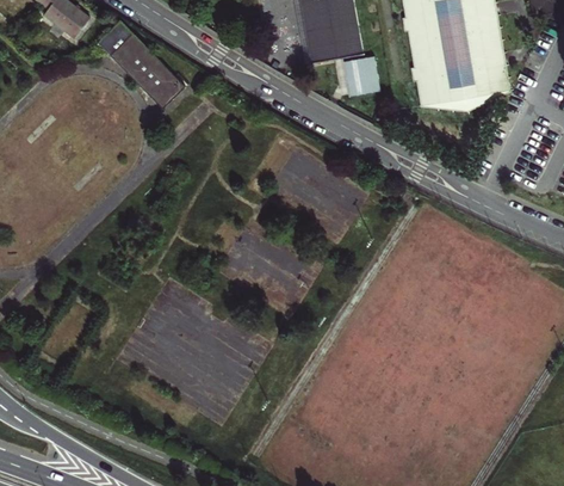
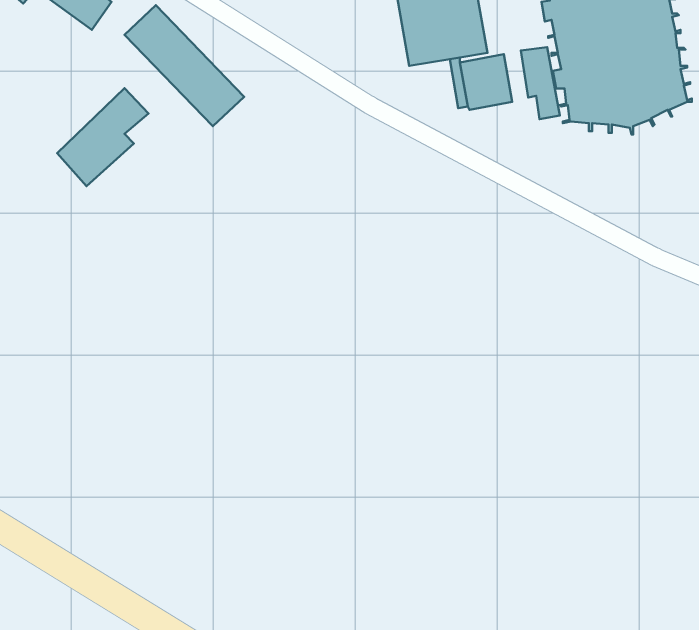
building: none -> [521,47,560,119]
building: none -> [57,88,148,186]

